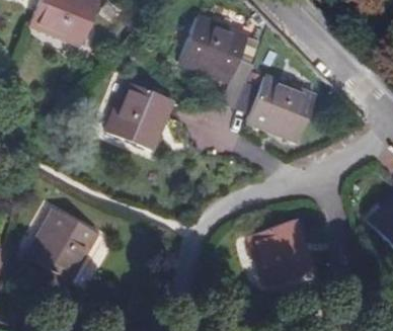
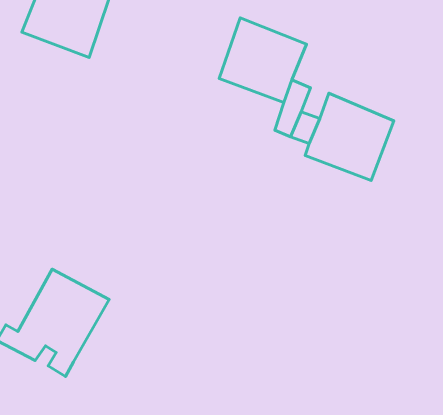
building: [105,82,171,150] -> none
building: [250,219,314,285] -> none

